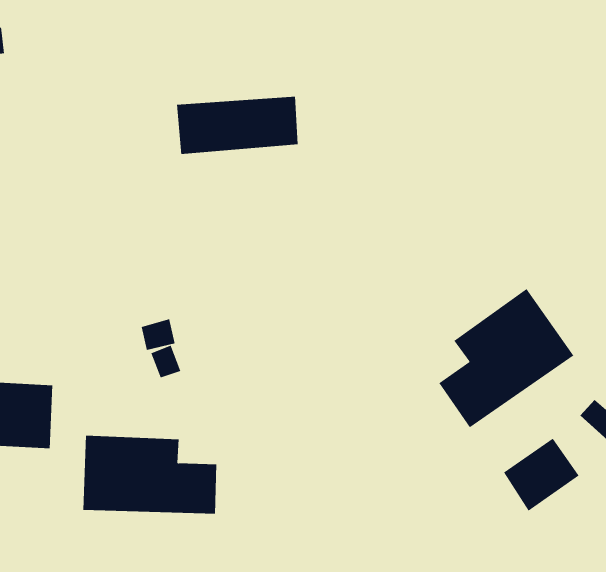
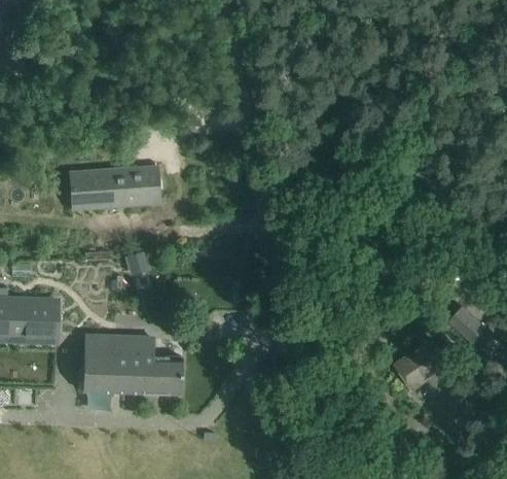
building: [176,96,298,154] -> [69,166,159,209]
building: [438,288,574,428] -> none

